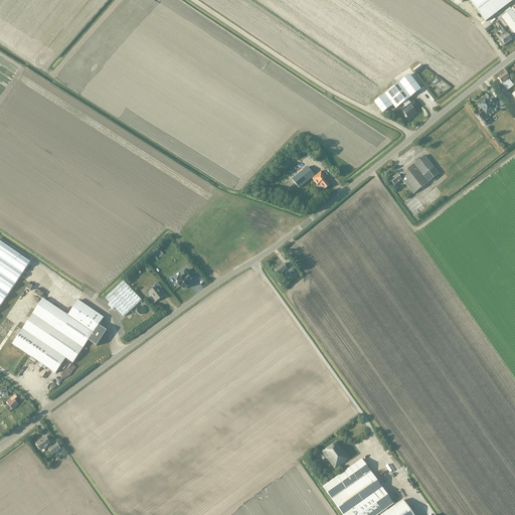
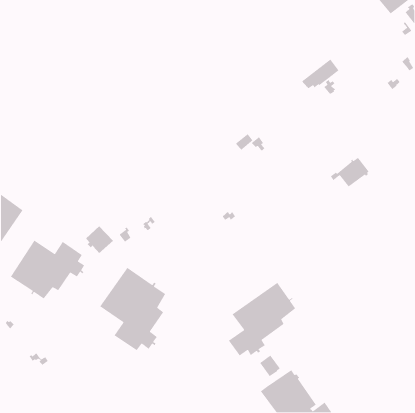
building: [389,154,439,192] -> [330,157,370,188]
building: none -> [99,267,166,351]
building: none -> [228,282,296,356]

